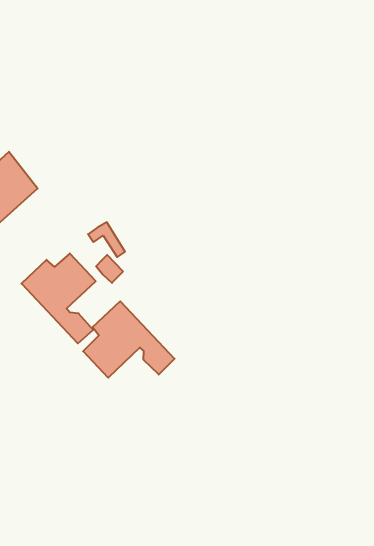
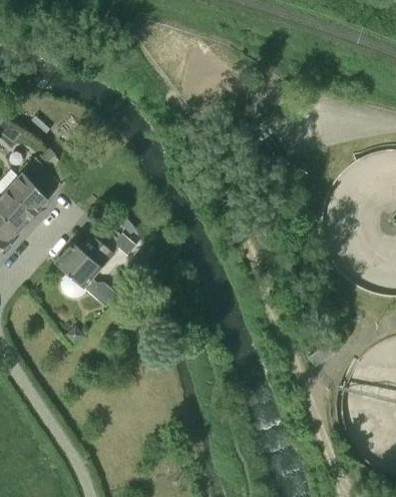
building: [83,301,175,378] -> none

